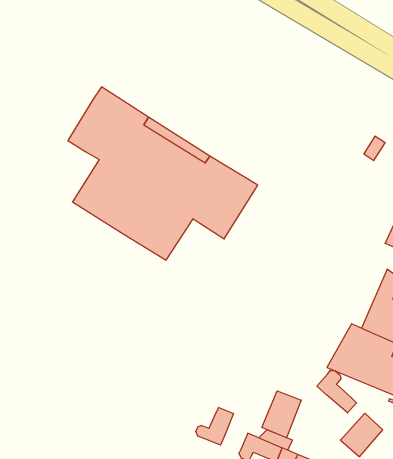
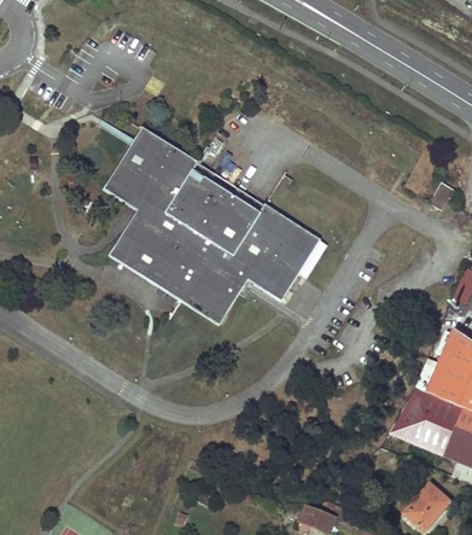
building: [317,370,356,413] -> none
building: [262,391,301,438] -> none
building: [196,407,233,445] -> none

